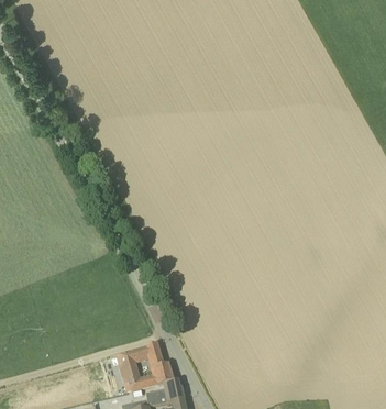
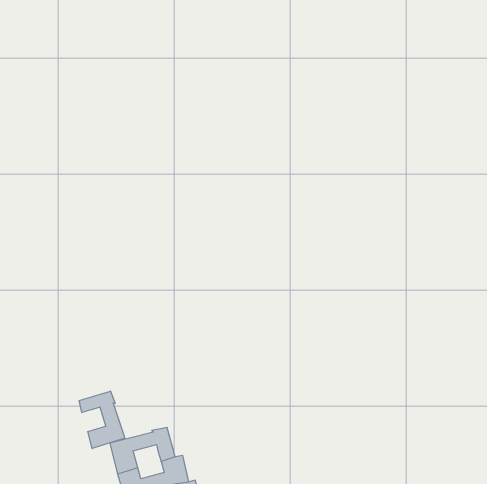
building: none -> [79,391,125,449]

